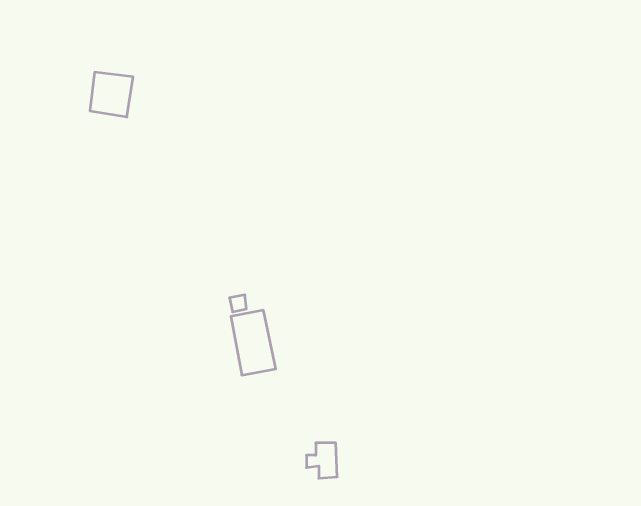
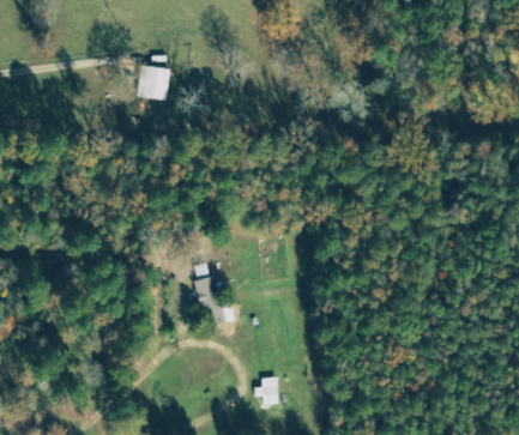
building: [90,72,133,117] -> [137,66,170,101]

